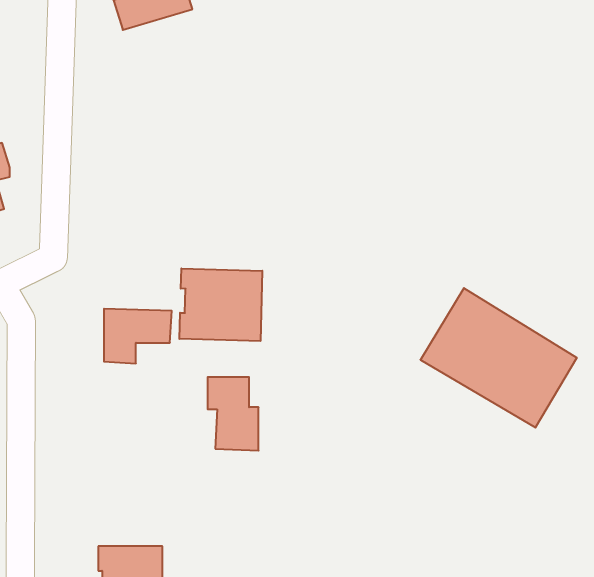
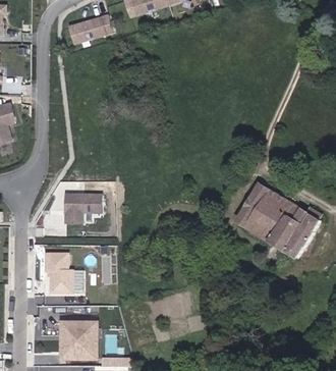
building: [179,268,262,341] -> none
building: [208,377,259,451] -> [46,253,73,293]

